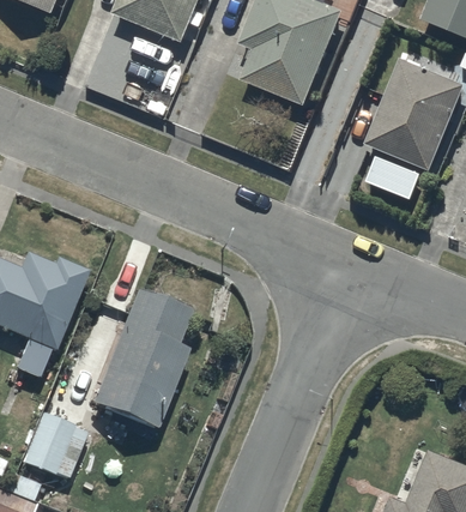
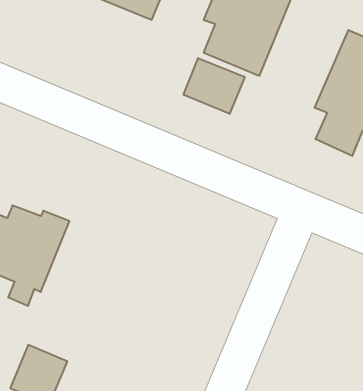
building: none -> [183,58,245,114]
building: [90,291,188,430] -> none

